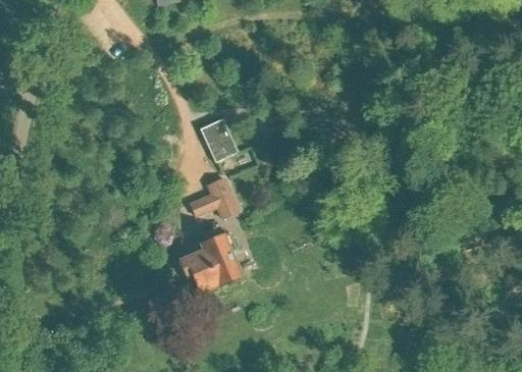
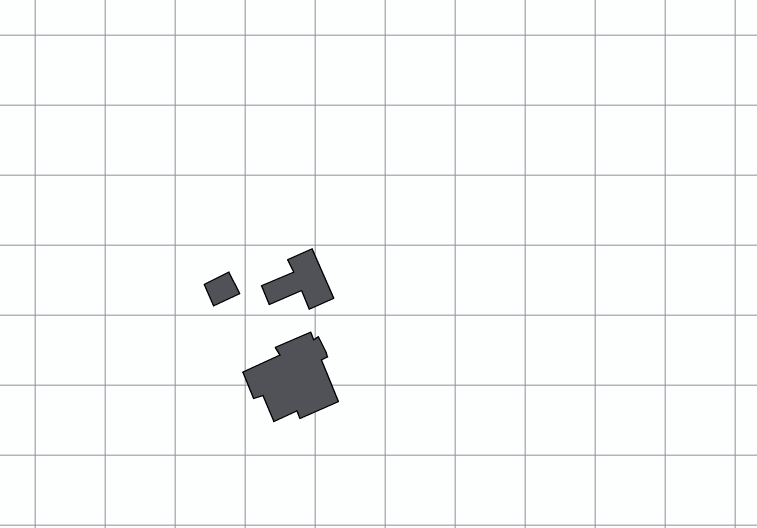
building: [200,118,238,161] -> none

